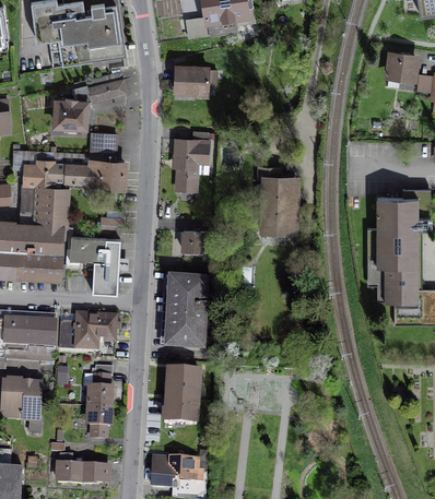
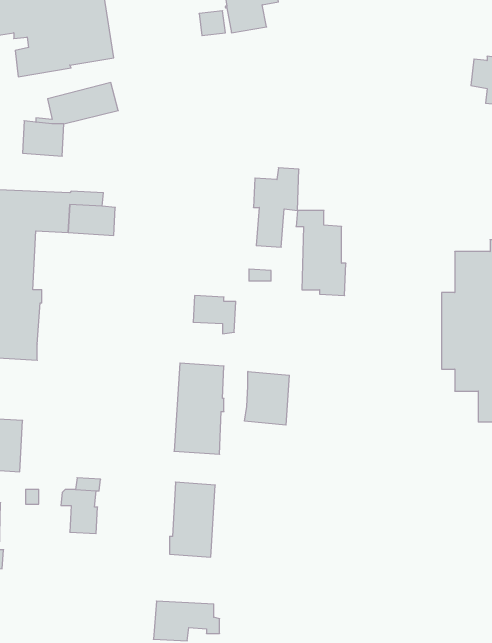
building: [174,67,215,94] -> none
building: [174,130,208,189] -> [253,168,299,247]
building: [91,132,116,153] -> none
building: [66,235,119,293] -> none
building: none -> [245,371,289,425]
building: [58,314,115,357] -> none
building: [89,405,109,437] -> none
building: [57,452,107,483] -> none

